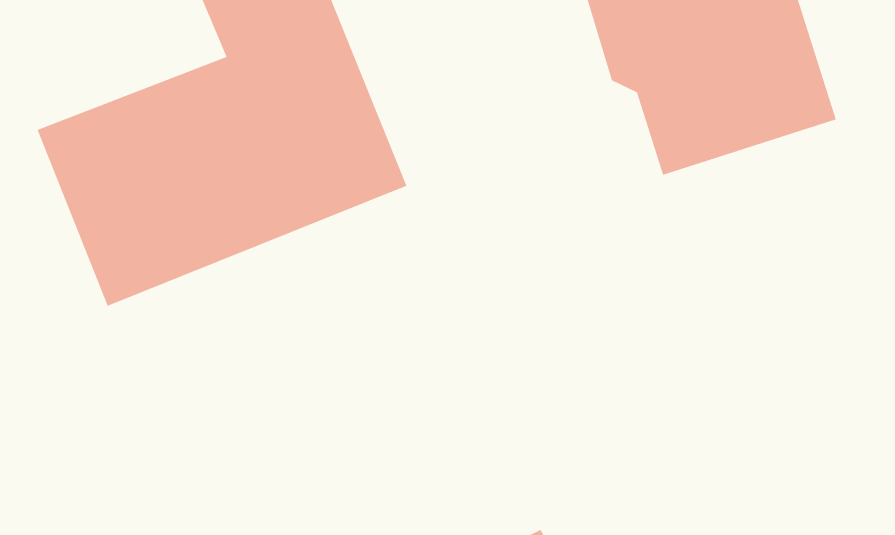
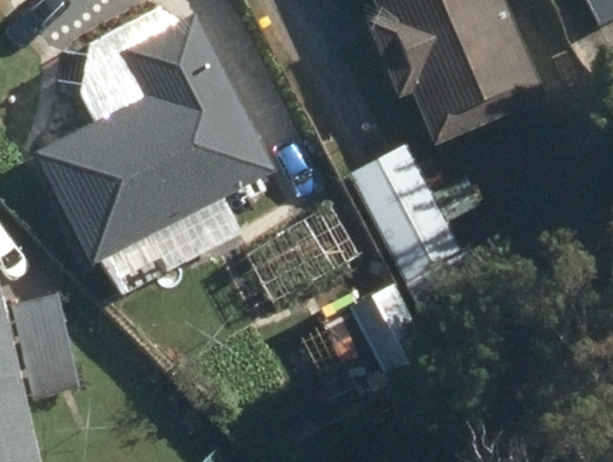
building: none -> [350,142,465,279]

